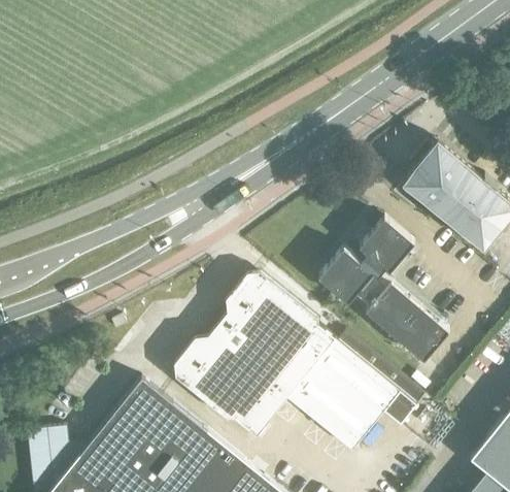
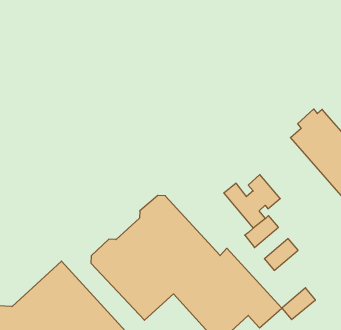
building: [372,220,414,260] -> none
building: [318,264,374,308] -> none
building: [379,296,419,338] -> none
building: [408,321,448,363] -> [282,288,315,320]

